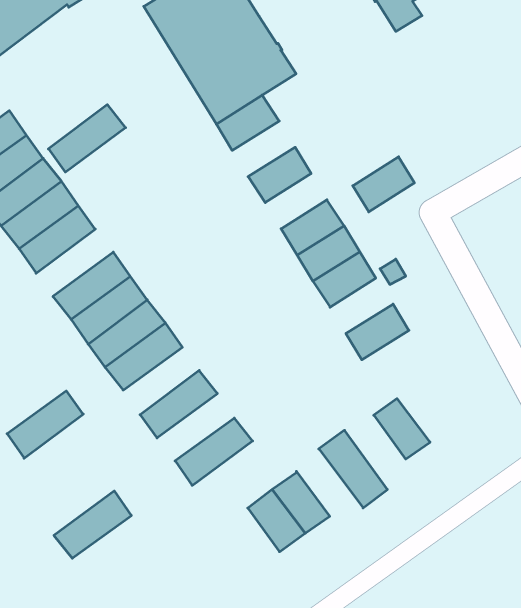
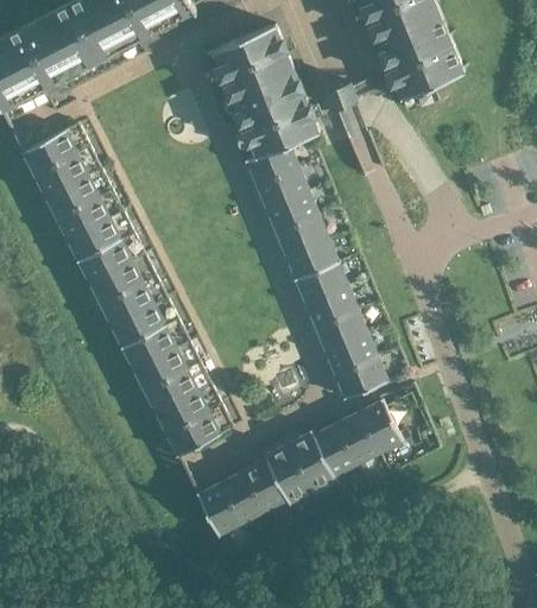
building: [48,105,126,172] -> [77,230,144,280]
building: none -> [255,166,308,208]
building: [353,157,414,212] -> [276,214,327,255]
building: none -> [315,309,367,350]
building: none -> [334,356,386,398]
building: none -> [358,399,402,451]
building: [7,391,83,458] -> [133,340,198,390]
building: none -> [310,422,361,484]
building: none -> [263,442,315,508]
building: [54,491,131,558] -> [154,382,221,432]
building: none -> [196,481,240,533]

